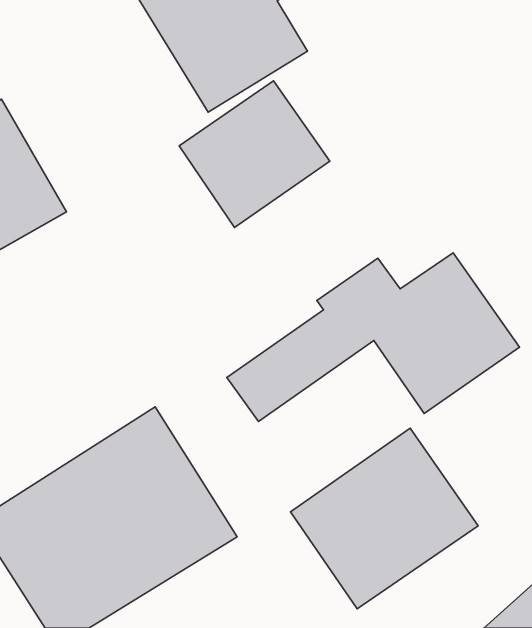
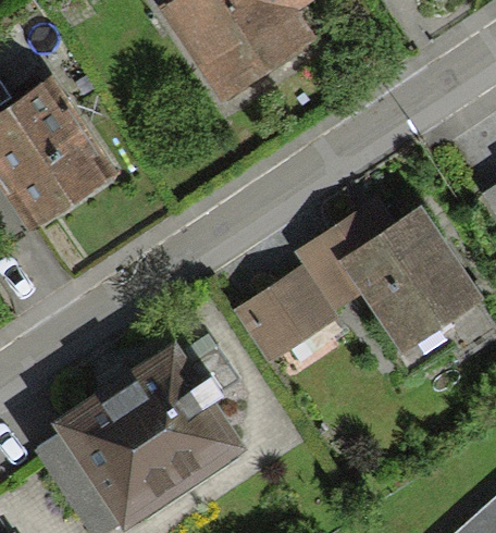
building: [179,81,330,227] -> none
building: [291,428,478,609] -> none

